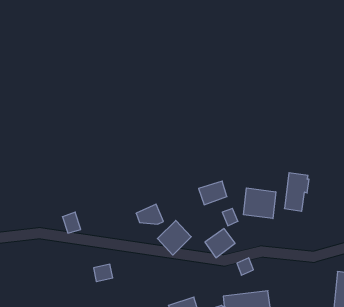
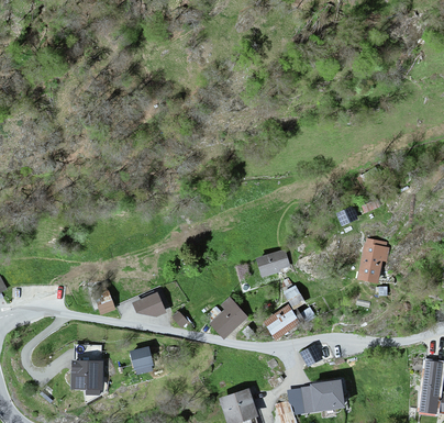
building: [244,188,276,219] -> none
building: [136,204,163,224] -> [133,292,166,316]
building: none -> [71,361,106,392]

